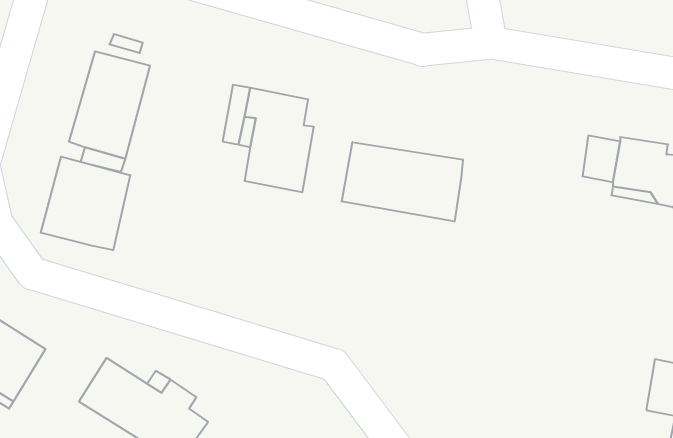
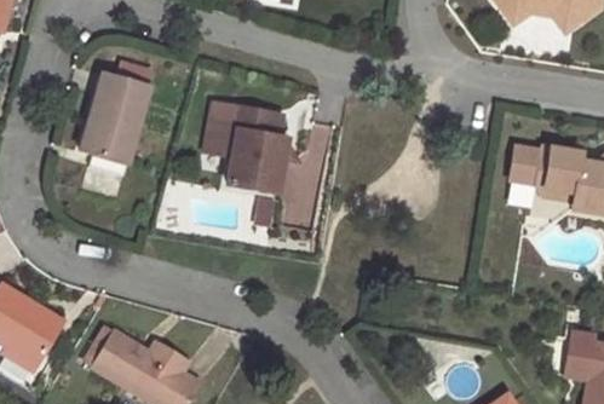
building: [342,142,463,222] -> none
building: [41,157,130,250] -> none

